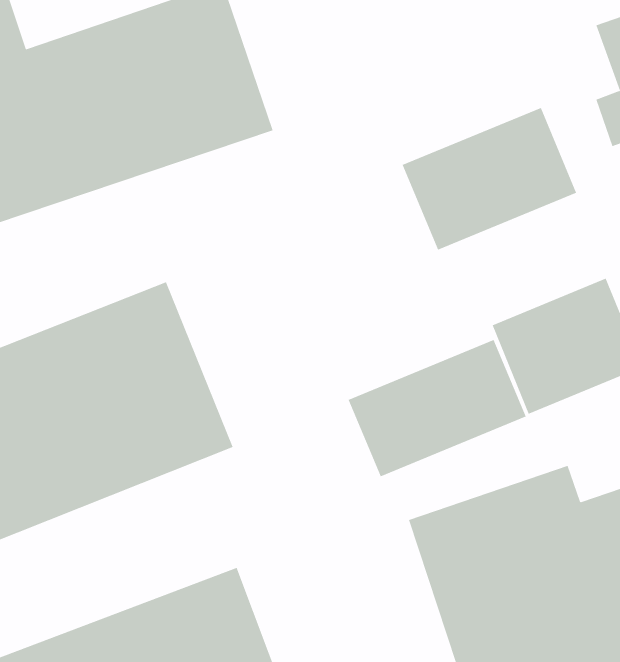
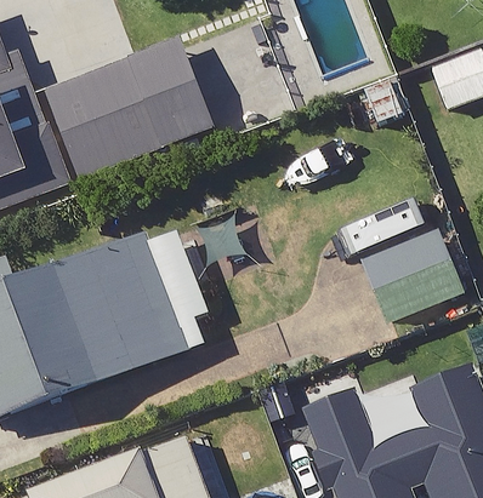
building: [402,107,577,251] -> none
building: [348,339,526,477] -> none

